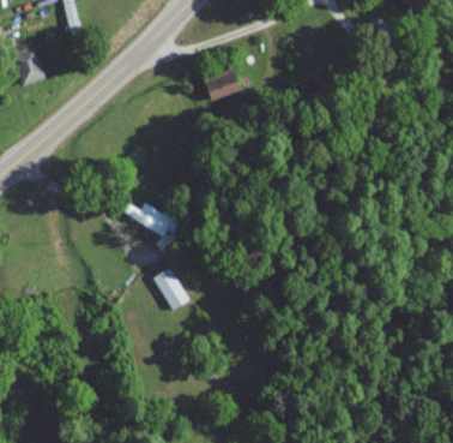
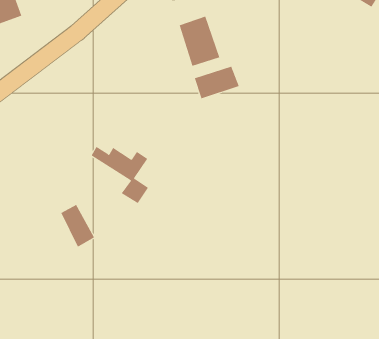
building: none -> [194,66,239,99]
building: [153,267,189,310] -> [60,204,95,247]

